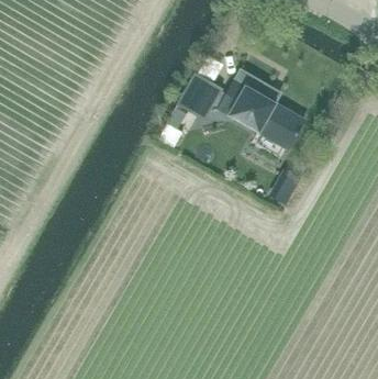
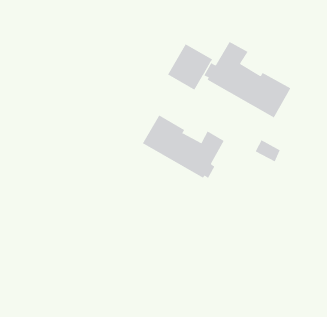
building: none -> [142,114,225,179]

